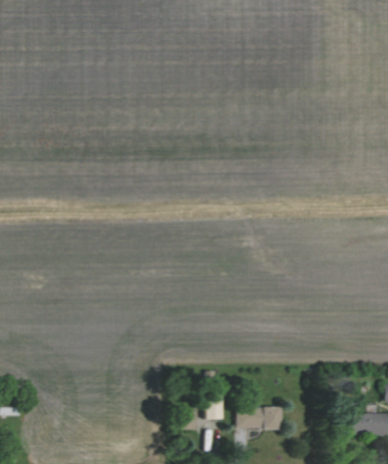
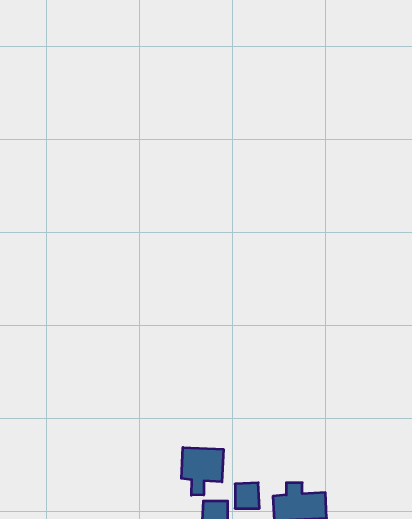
building: none -> [181,447,223,495]

